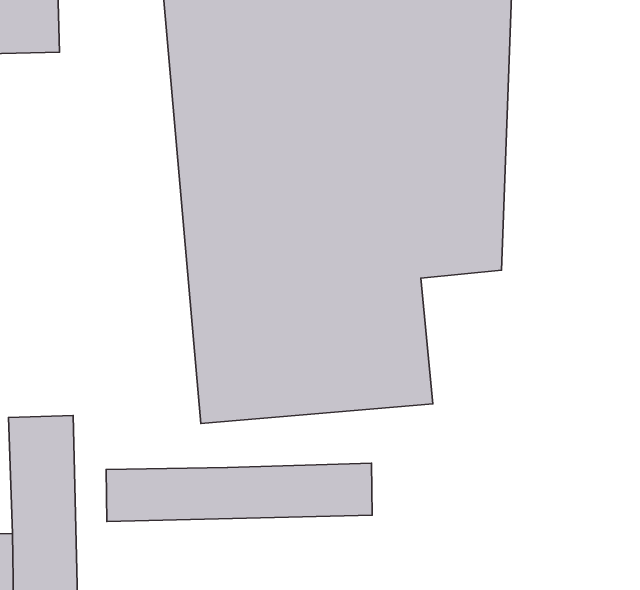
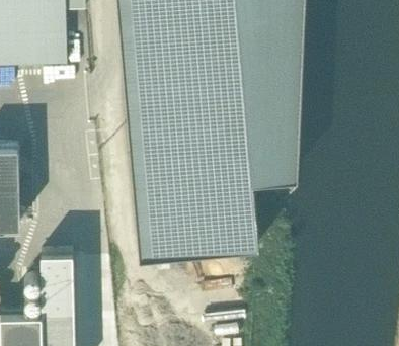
building: [106,463,372,521] -> none

